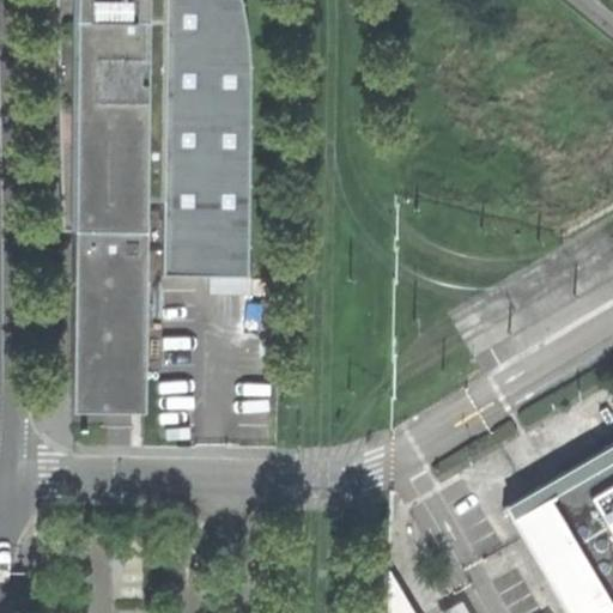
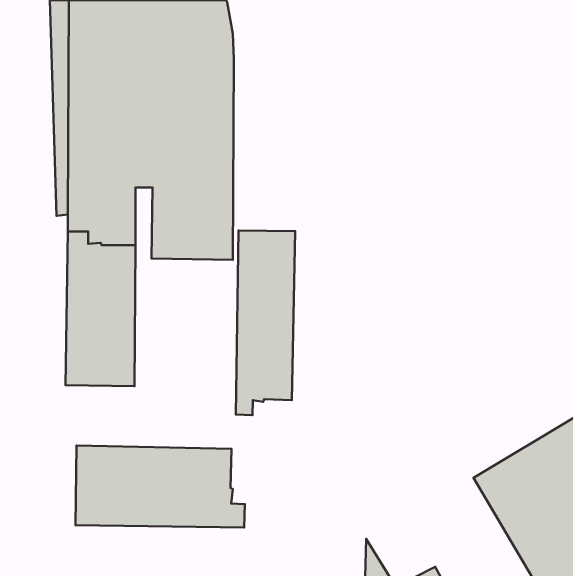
building: none -> [236,230,295,415]
building: none -> [76,445,245,528]

